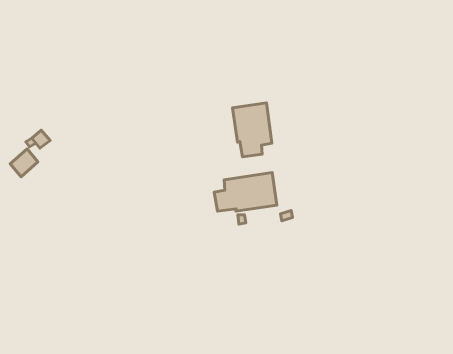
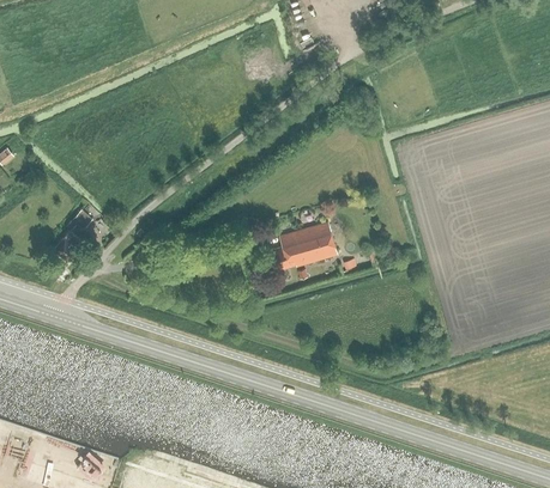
building: [233,103,272,157] -> none

